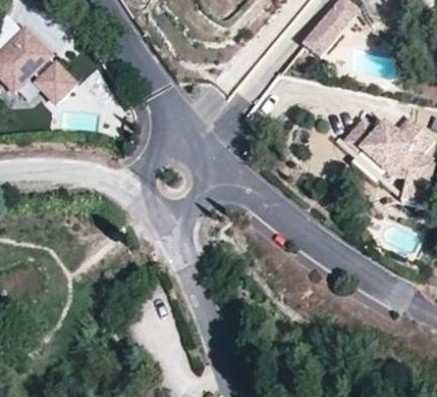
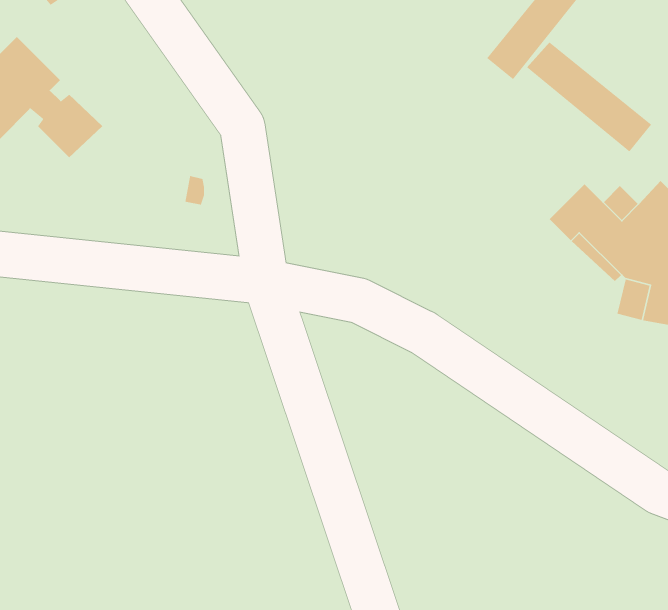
building: none -> [526,41,652,153]

